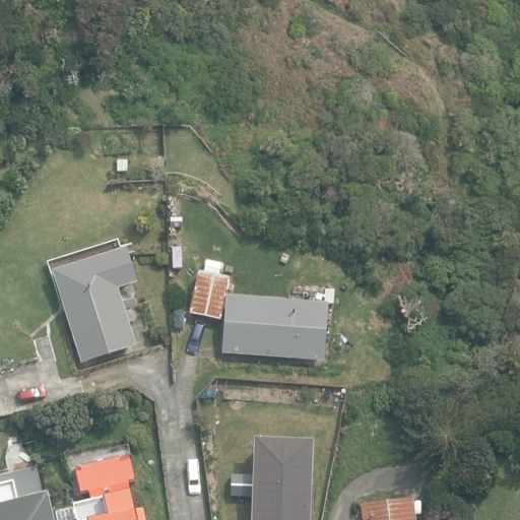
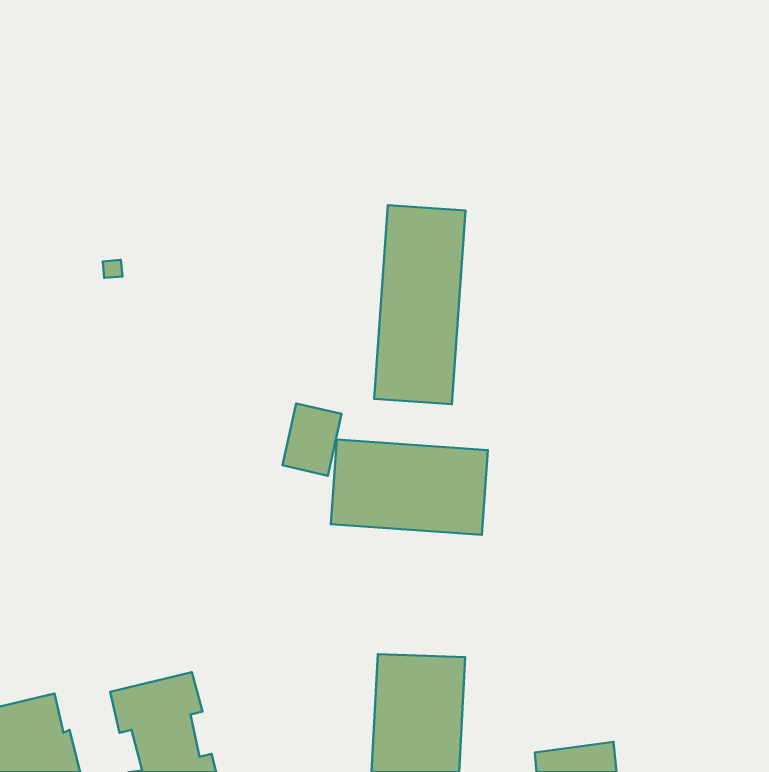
building: none -> [374,205,465,404]
building: [52,248,137,363] -> none

